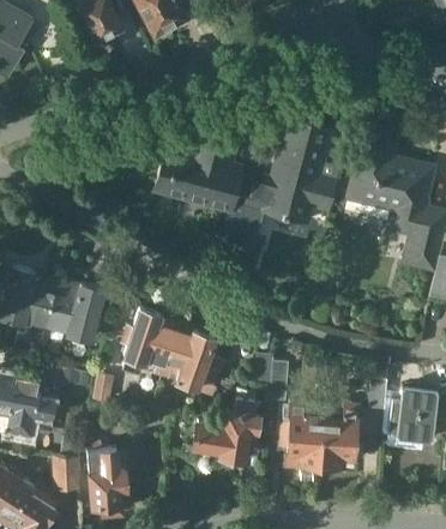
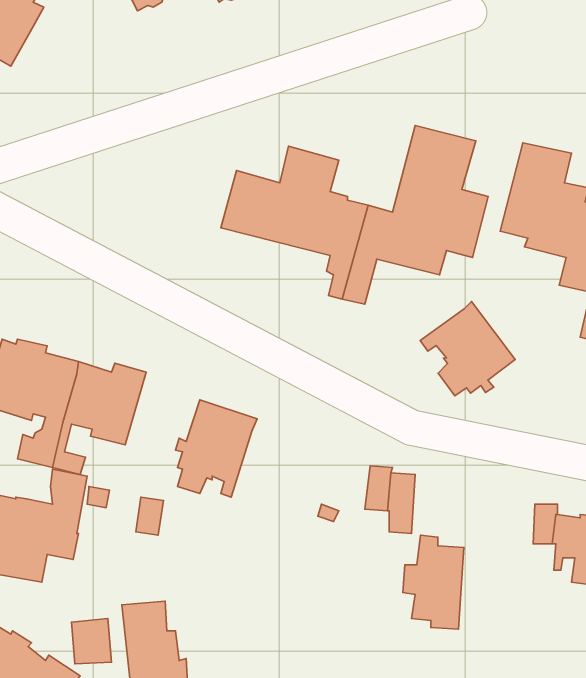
building: none -> [420,302,515,396]
building: [161,324,219,393] -> none
building: [192,392,260,464] -> none
building: [318,409,357,471] -> none

